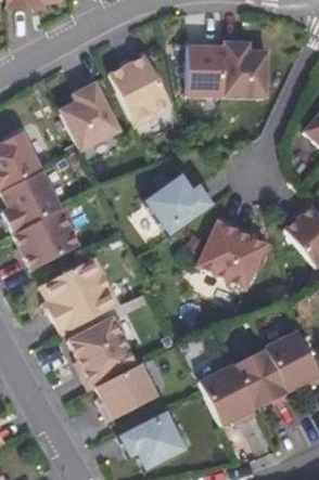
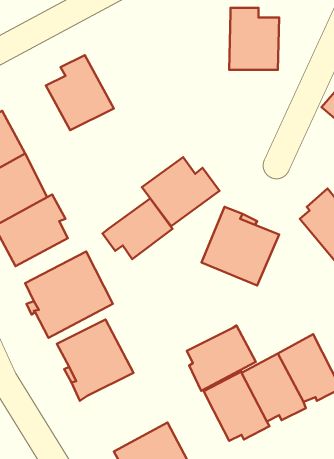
building: [187,40,224,95] -> none
building: [107,54,169,125] -> none
building: none -> [102,198,173,259]
building: [95,364,157,423] -> [187,326,256,391]

